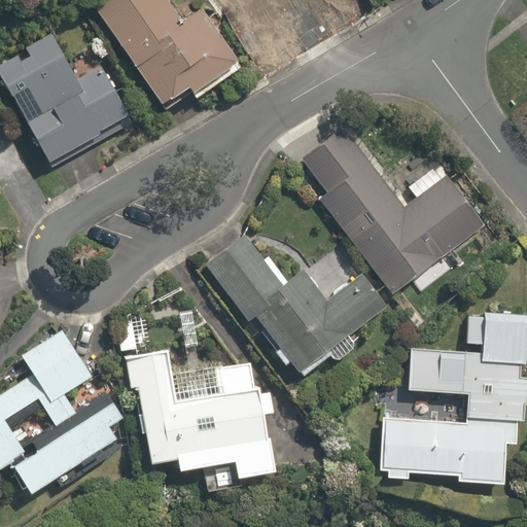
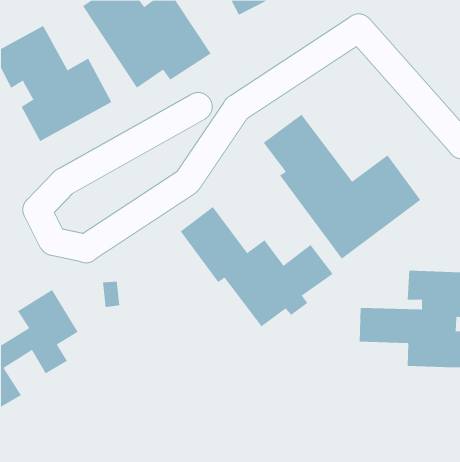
building: [126,352,275,494] -> none
building: [13,401,124,493] -> none
building: [379,414,519,483] -> none

